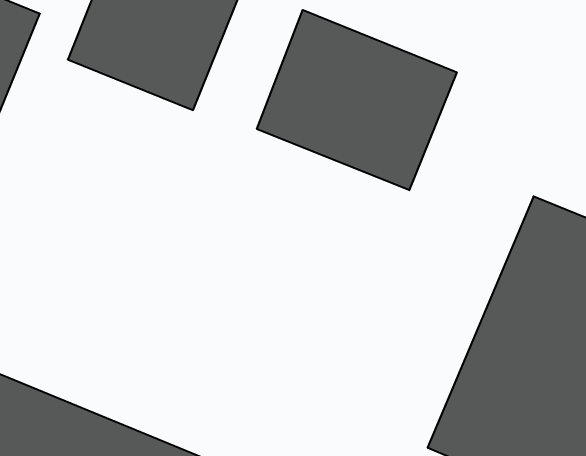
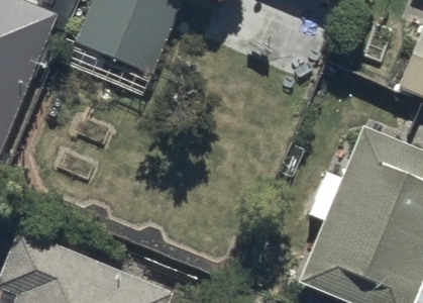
building: [257,10,457,190] -> none

